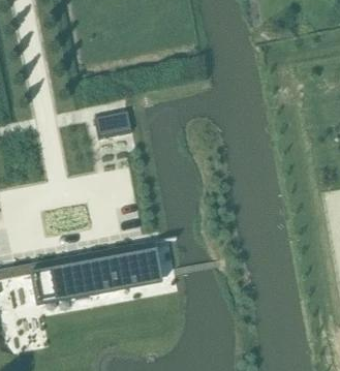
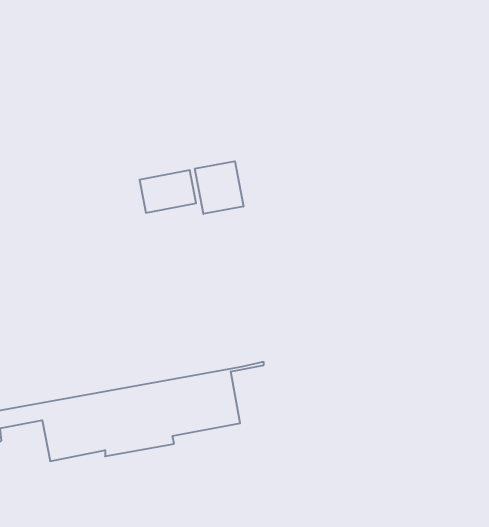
building: none -> [195,161,243,214]

